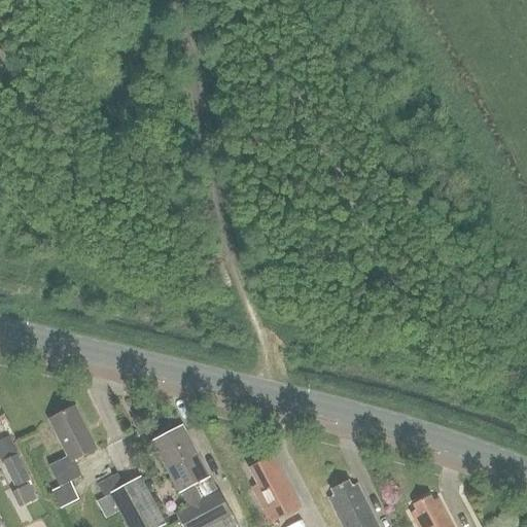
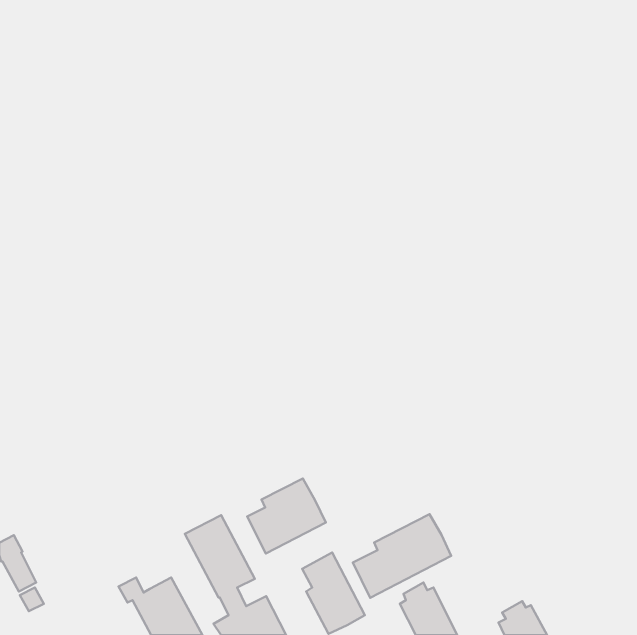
building: none -> [247,479,326,554]
building: [48,407,97,487] -> none
building: none -> [353,514,451,598]

